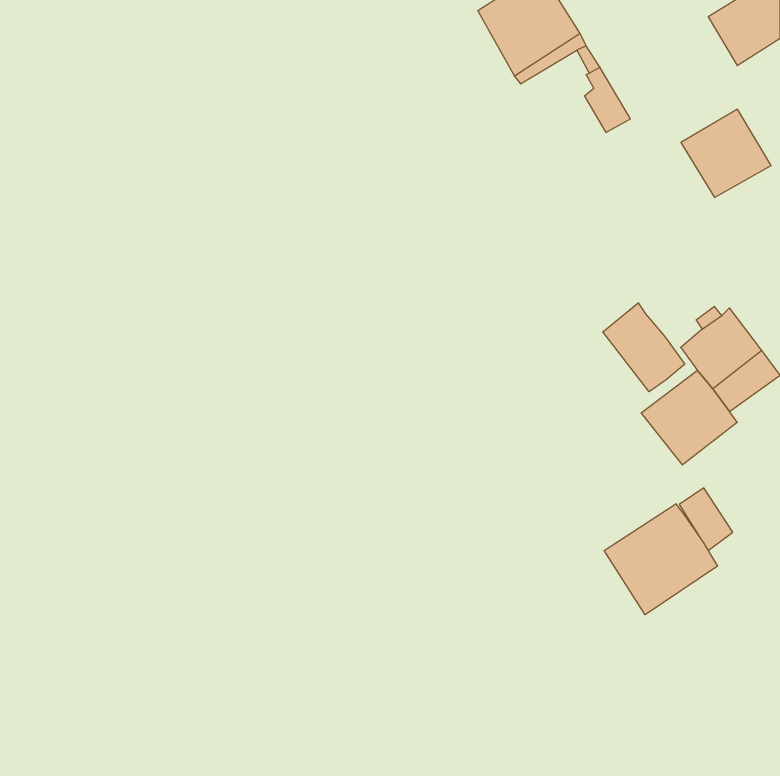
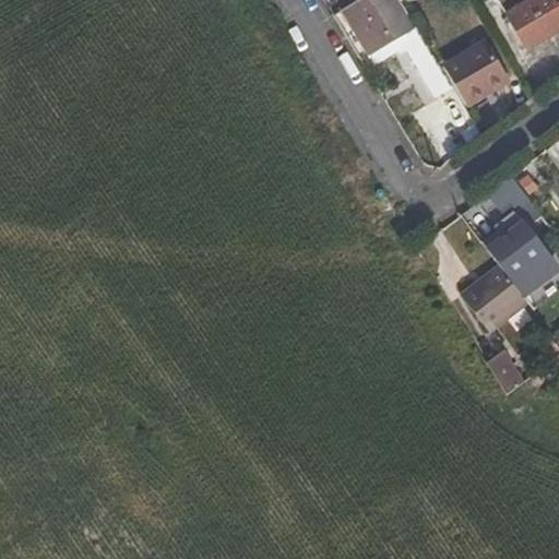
building: [681,109,771,197] -> [444,39,509,103]
building: [603,303,685,392] -> none
building: [604,504,718,615] -> none

